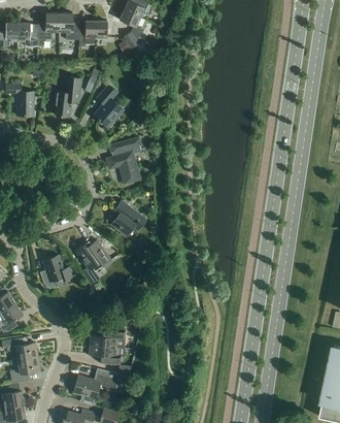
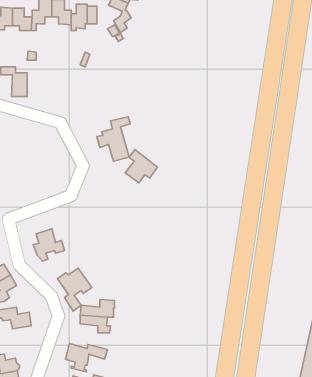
building: [54,76,80,117] -> none
building: [93,86,124,128] -> none
building: [111,200,145,235] -> [125,149,158,183]
building: [75,239,111,285] -> [58,268,92,311]
building: [9,357,40,383] -> none

